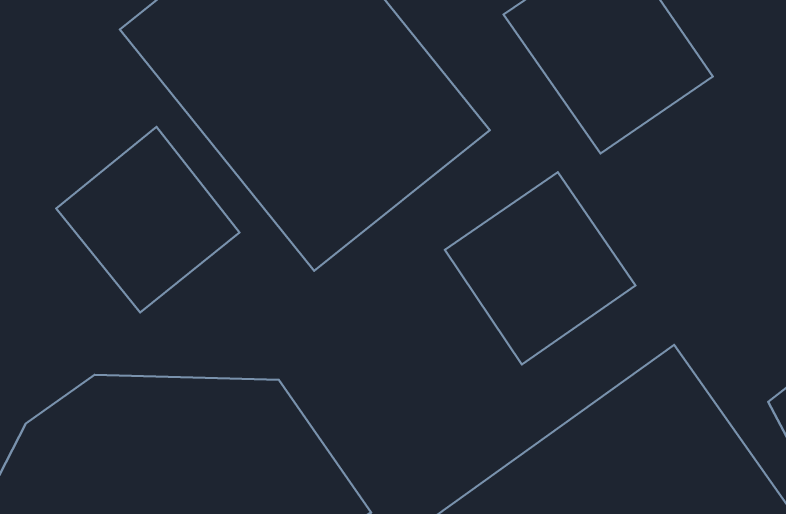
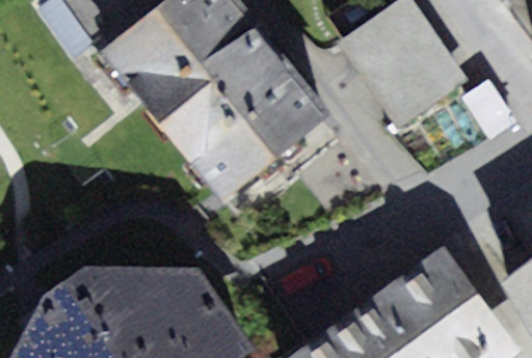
building: [56,127,240,313] -> none
building: [445,172,635,365] -> none

